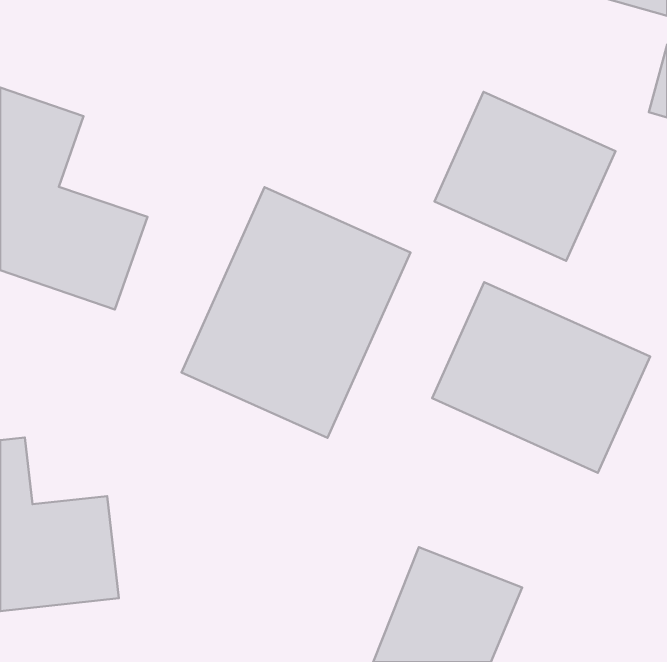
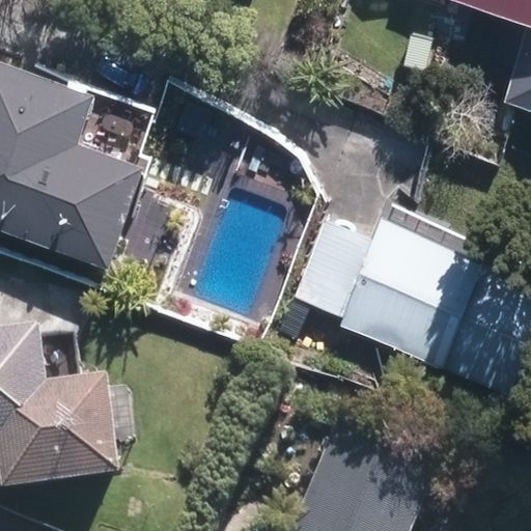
building: [434,92,615,261] -> none
building: [181,187,411,438] -> none

